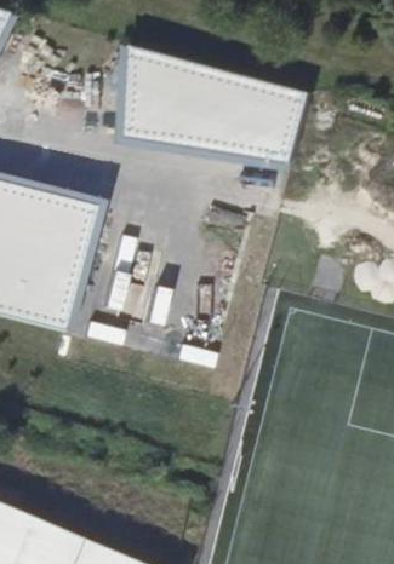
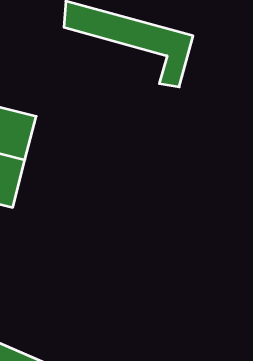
building: [125,77,272,156] -> none

